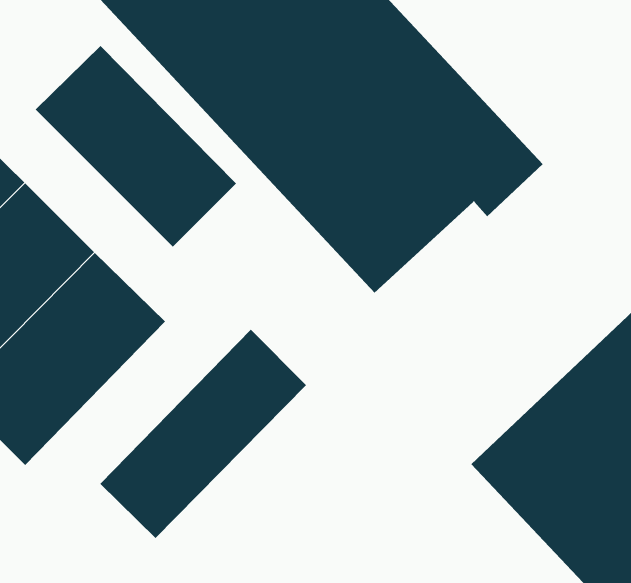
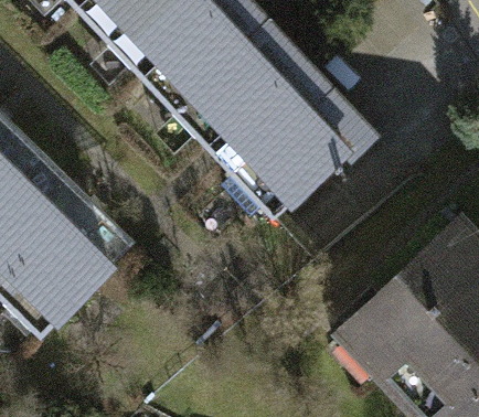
building: [35,45,237,248] -> none
building: [99,329,307,539] -> none

